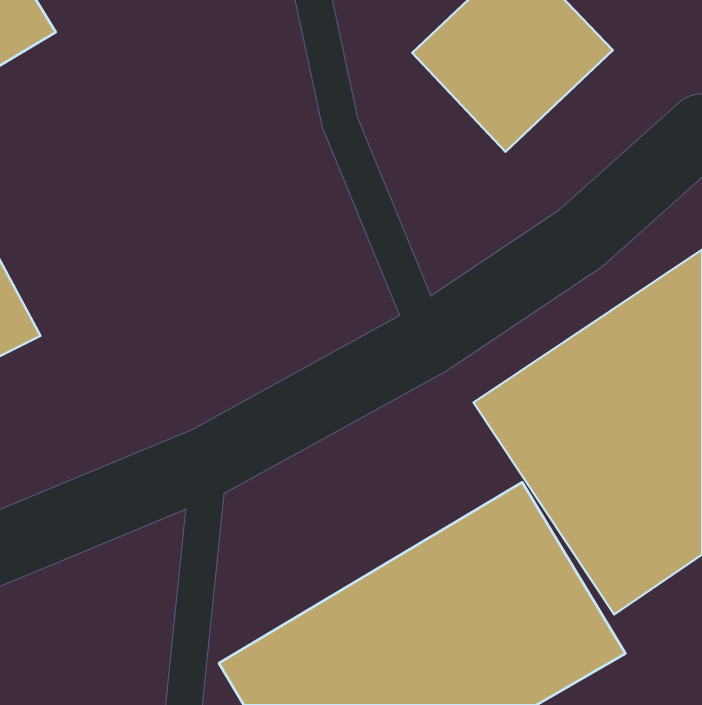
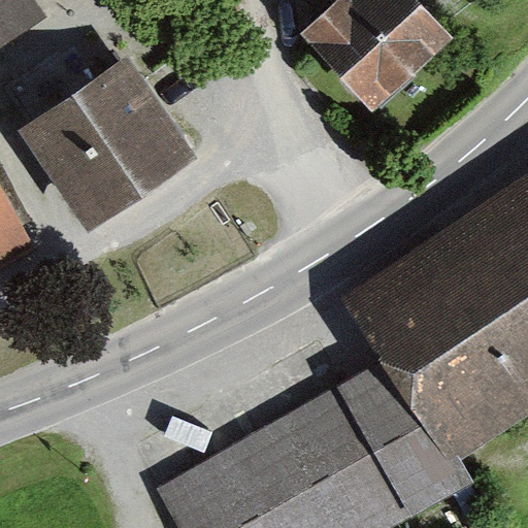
building: none -> [22,62,190,230]

